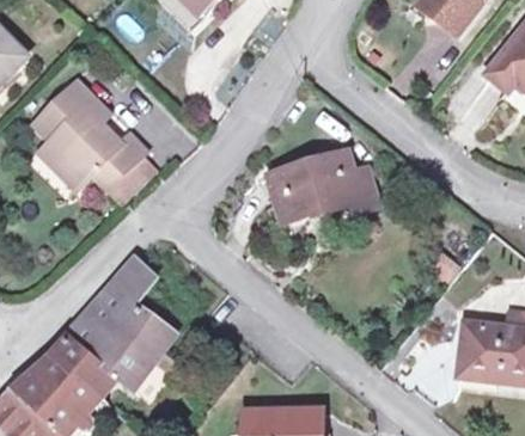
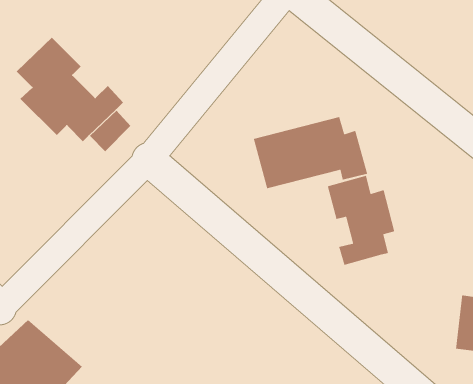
building: none -> [327,175,395,266]
building: [49,262,173,398] -> none

